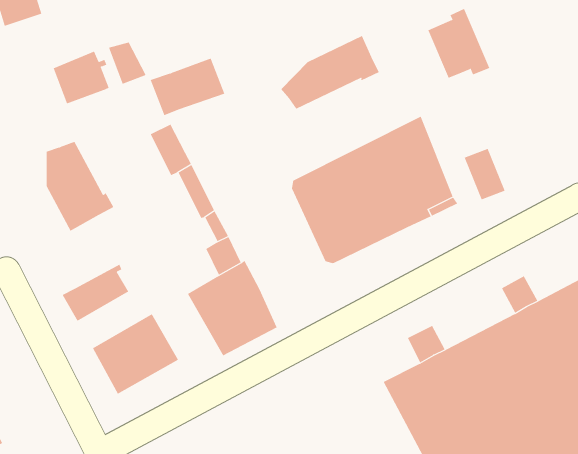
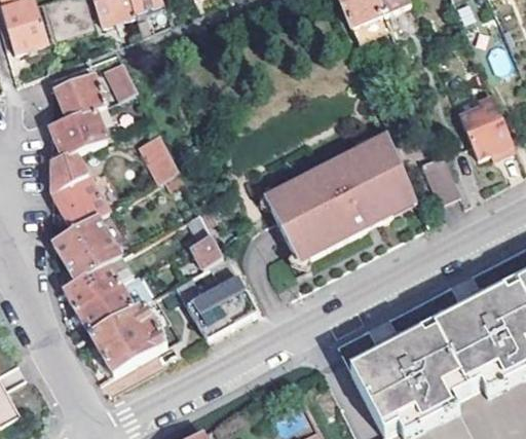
building: [427,8,490,79] -> [457,96,513,158]
building: [281,35,379,109] -> none
building: [150,58,225,116] -> [49,105,116,156]
building: none -> [52,217,122,282]
building: none -> [77,277,151,335]

